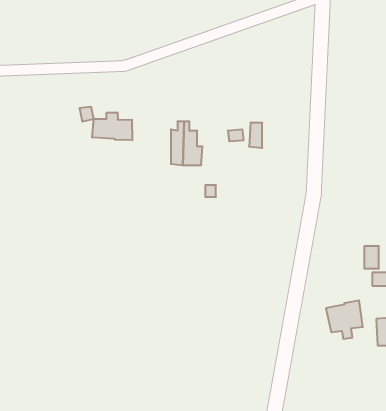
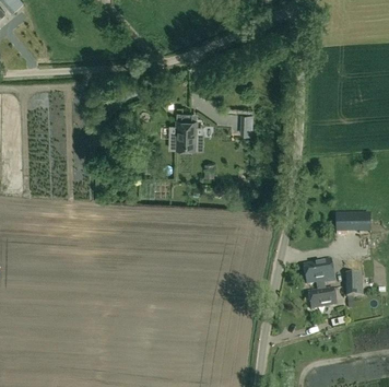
building: [92,113,132,140] -> none
building: none -> [310,290,338,312]

